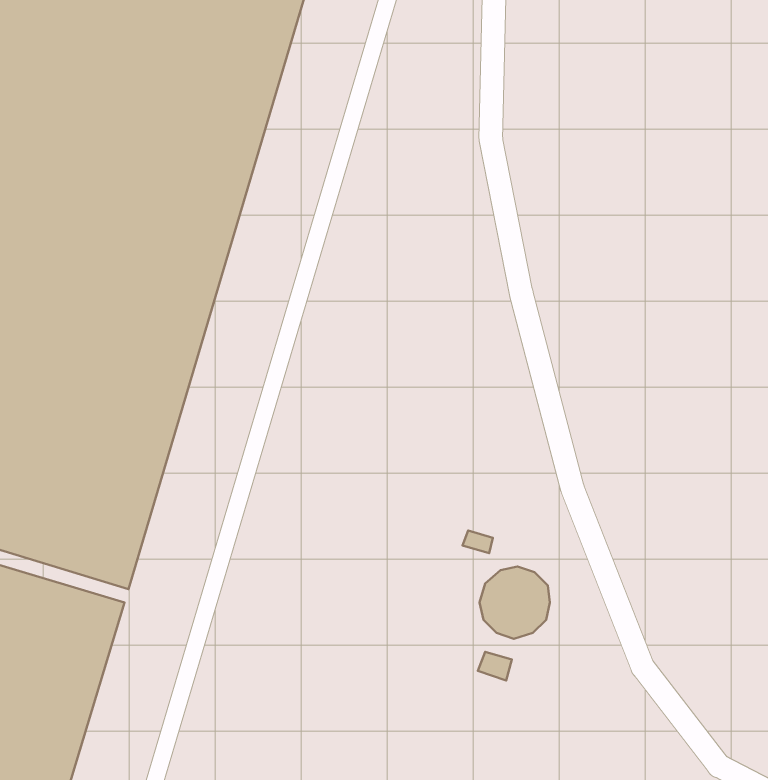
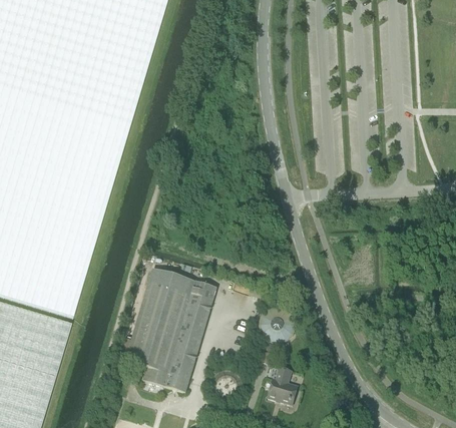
building: none -> [118,268,216,392]
building: none -> [268,366,296,403]

